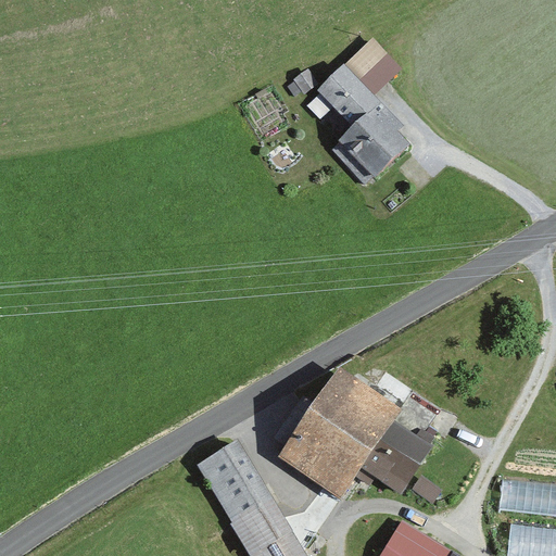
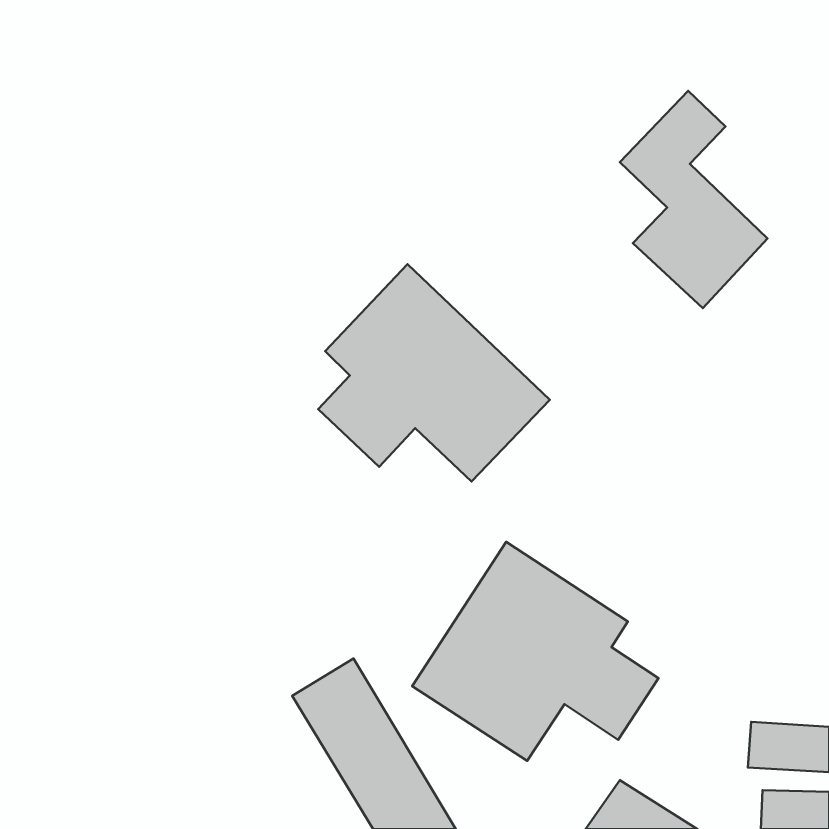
building: [316,41,415,187] -> [620,91,768,308]
building: none -> [318,264,550,481]

